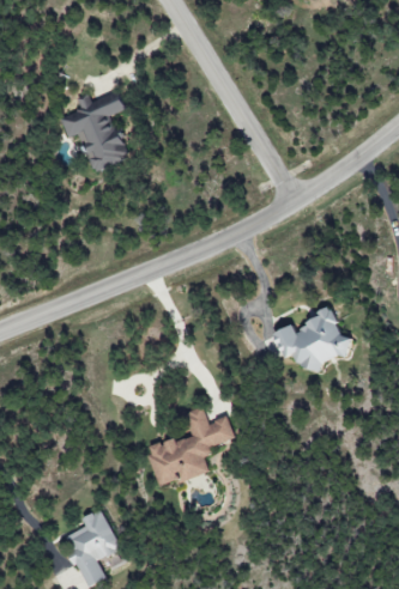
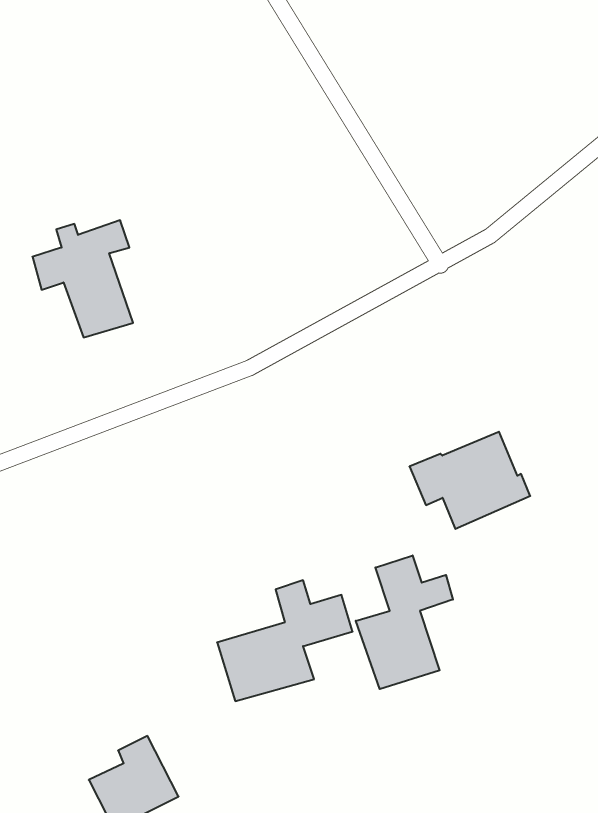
building: [61,92,127,169] -> [32,220,133,337]
building: none -> [356,555,453,689]

